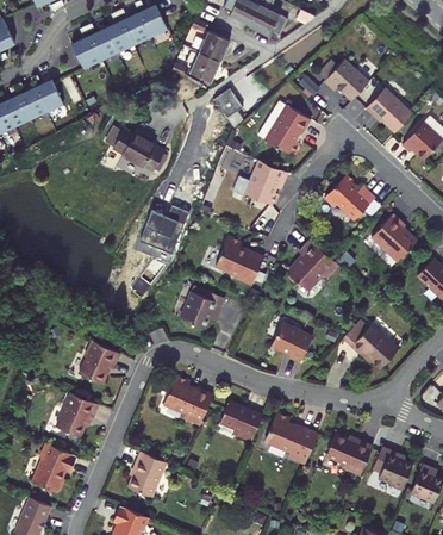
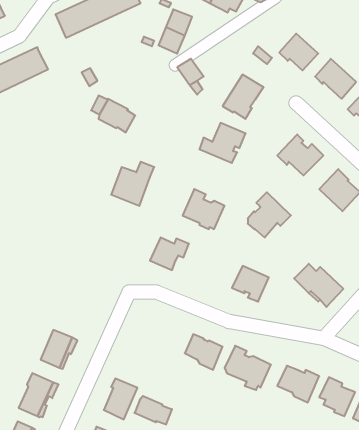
building: [79,341,120,386] -> none
building: [162,375,212,424] -> none
building: none -> [134,396,172,425]

